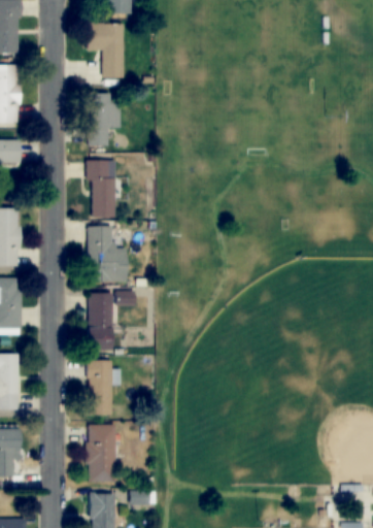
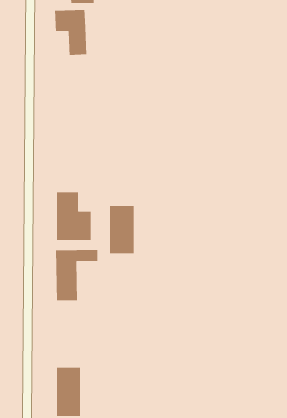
building: [89,91,120,142] -> none
building: [88,162,116,218] -> [109,205,135,254]
building: [88,360,113,416] -> none

